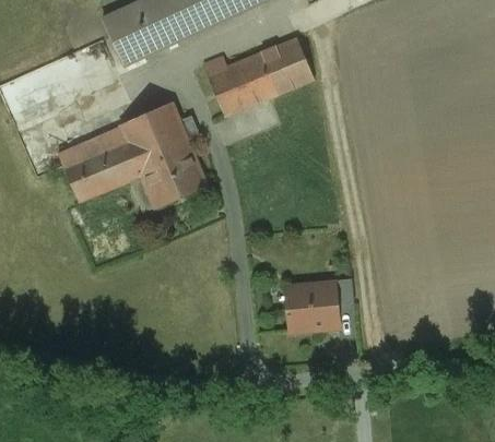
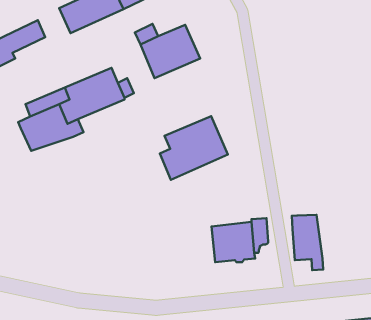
building: [259,37,314,93] -> none
building: [128,141,208,215] -> [160,116,228,180]
building: none -> [292,215,323,270]

